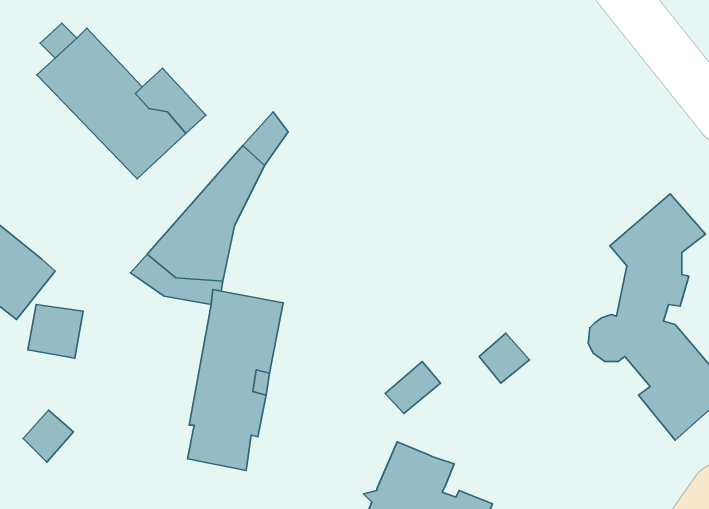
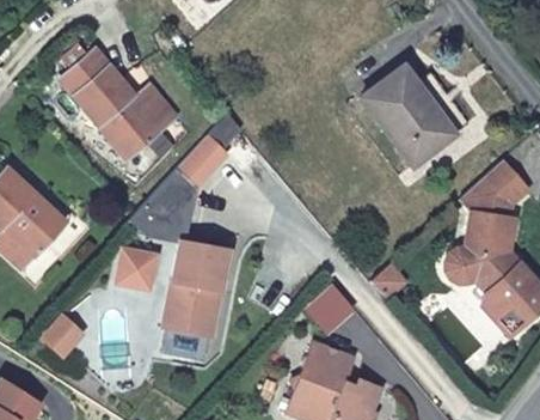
building: none -> [363,69,458,176]
building: [28,305,83,358] -> [117,254,157,292]

